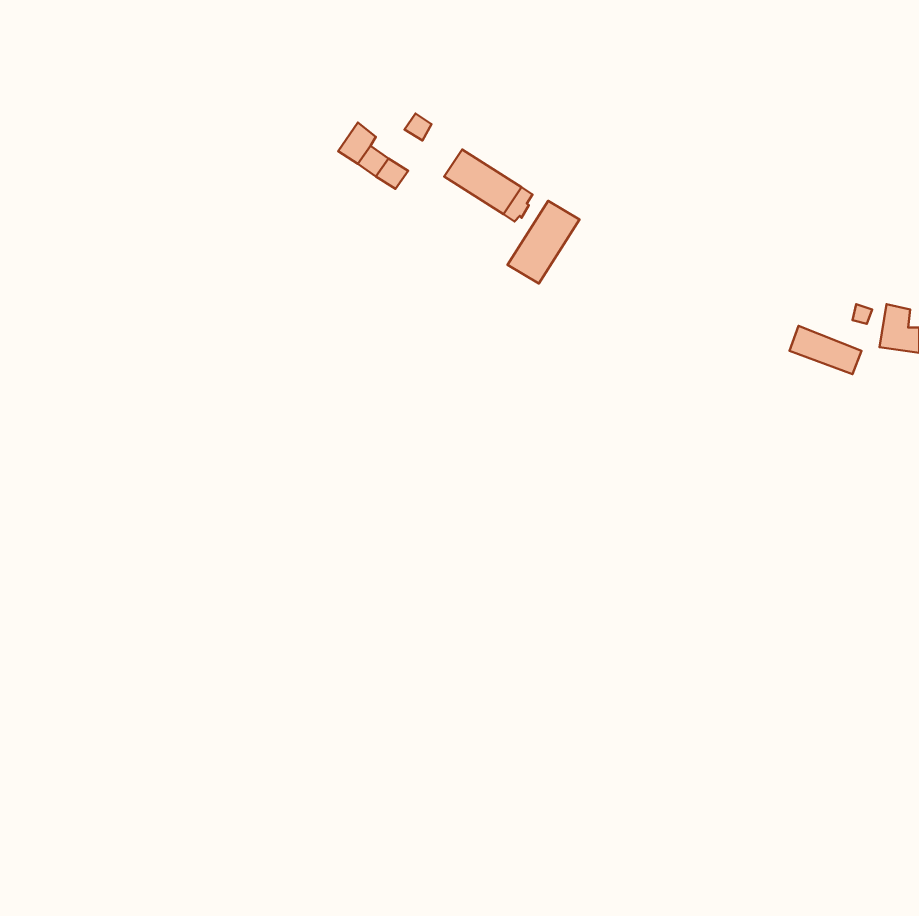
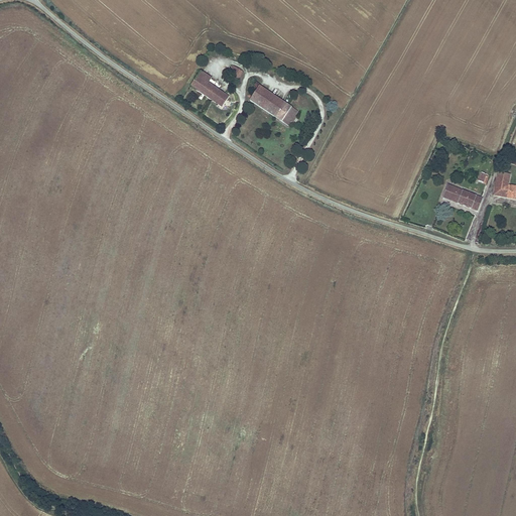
building: [508,201,579,284] -> none

